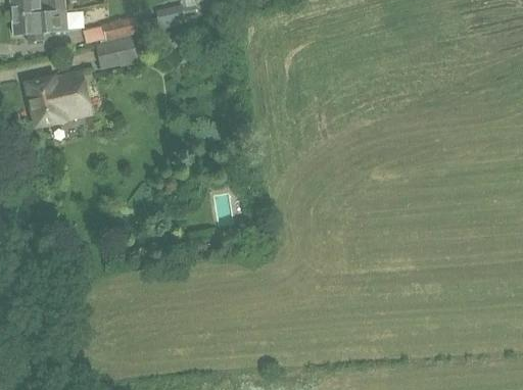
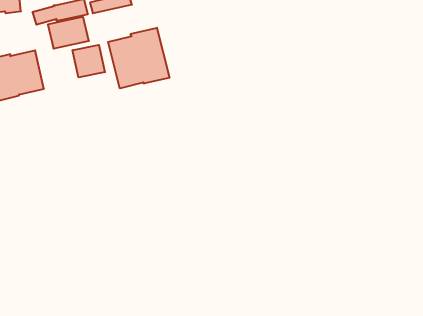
building: none -> [108,28,169,88]
building: none -> [73,45,105,77]

